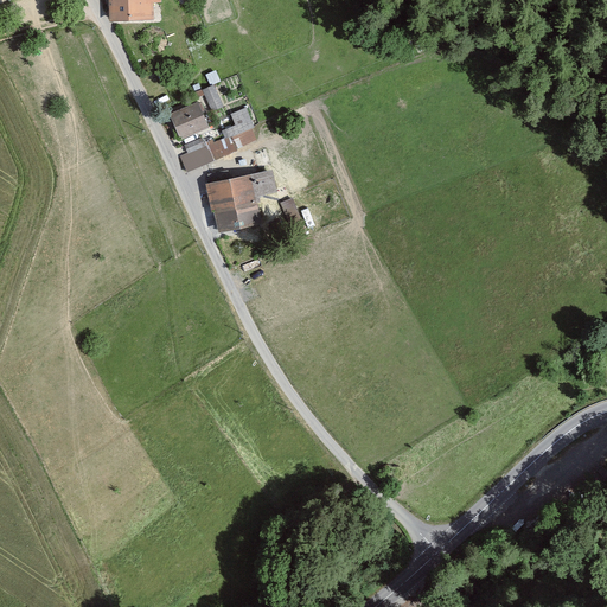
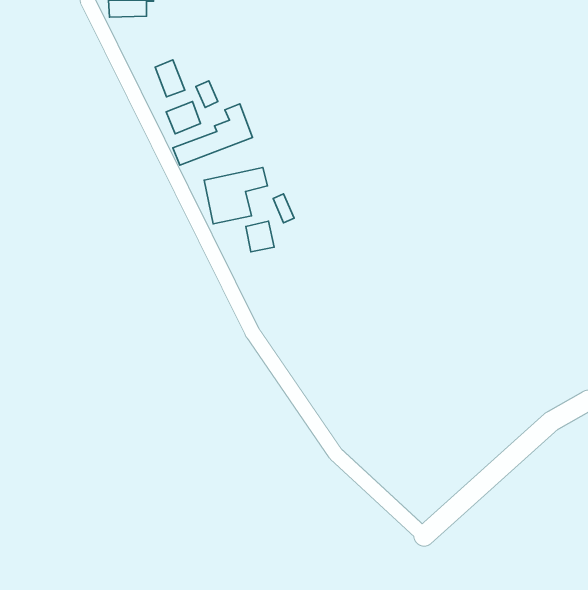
building: none -> [155,60,185,97]
building: none -> [246,221,274,252]

